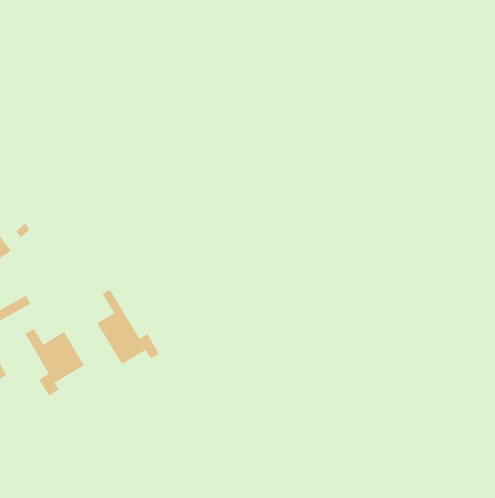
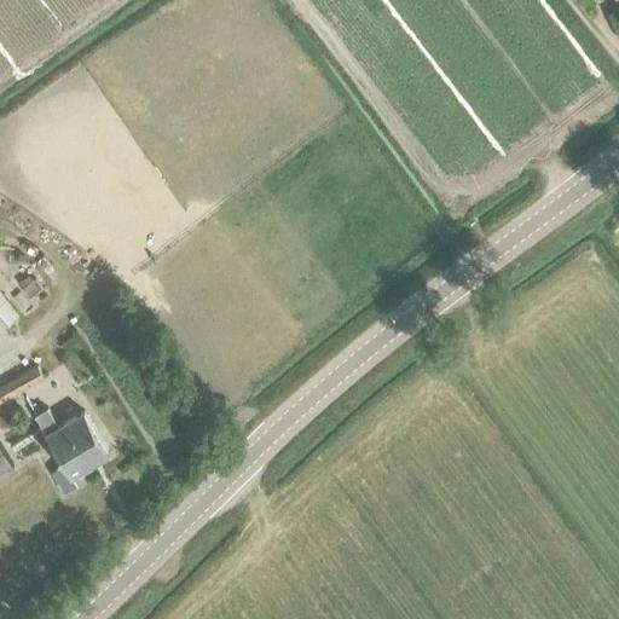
building: [97,289,159,365] -> none

